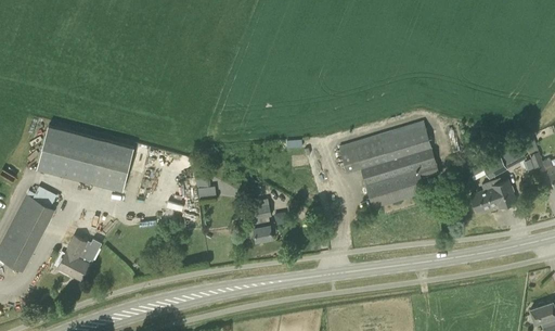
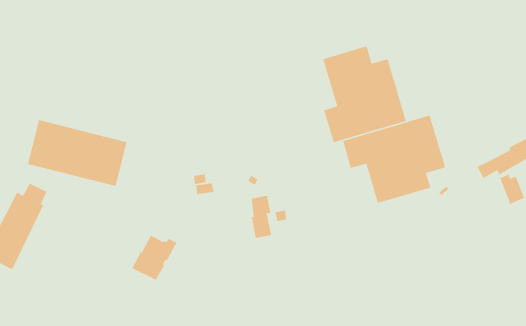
building: none -> [322,45,407,143]
building: [470,182,499,212] -> none
building: [57,235,102,280] -> [131,235,177,281]

